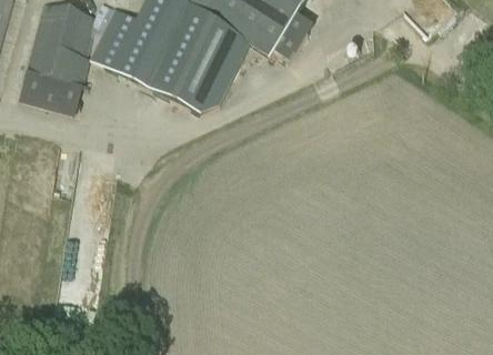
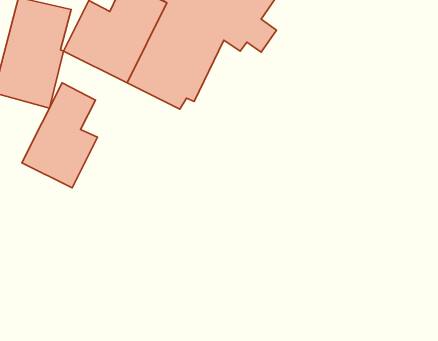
building: none -> [22,83,97,188]

